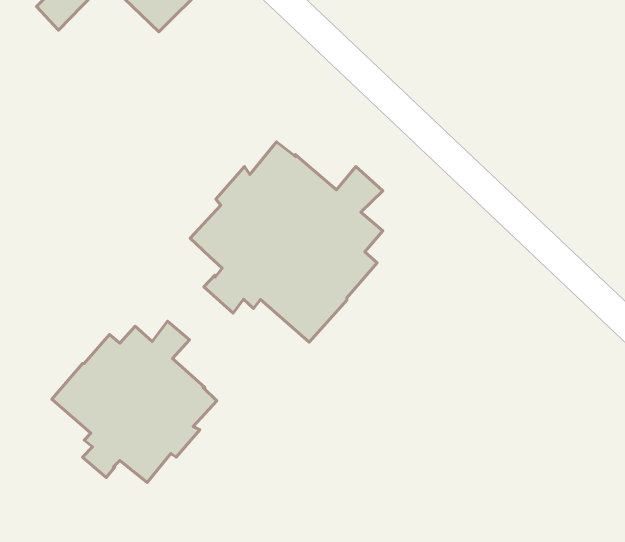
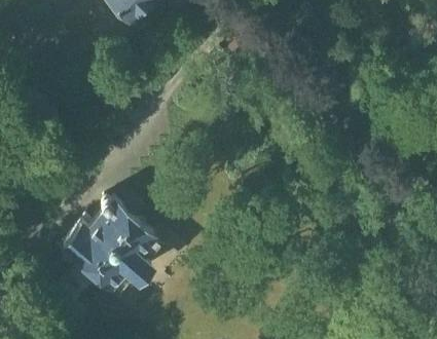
building: [190,142,383,342] -> none

